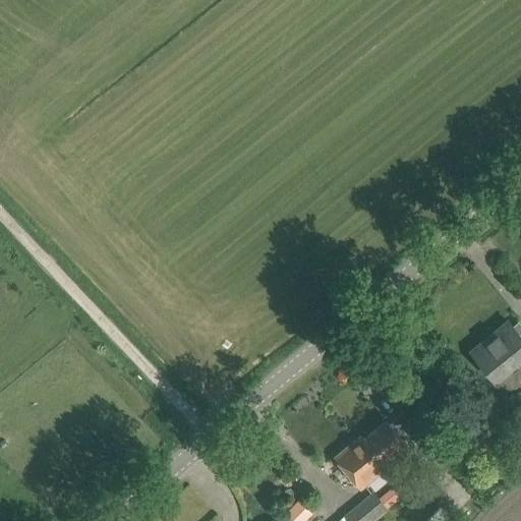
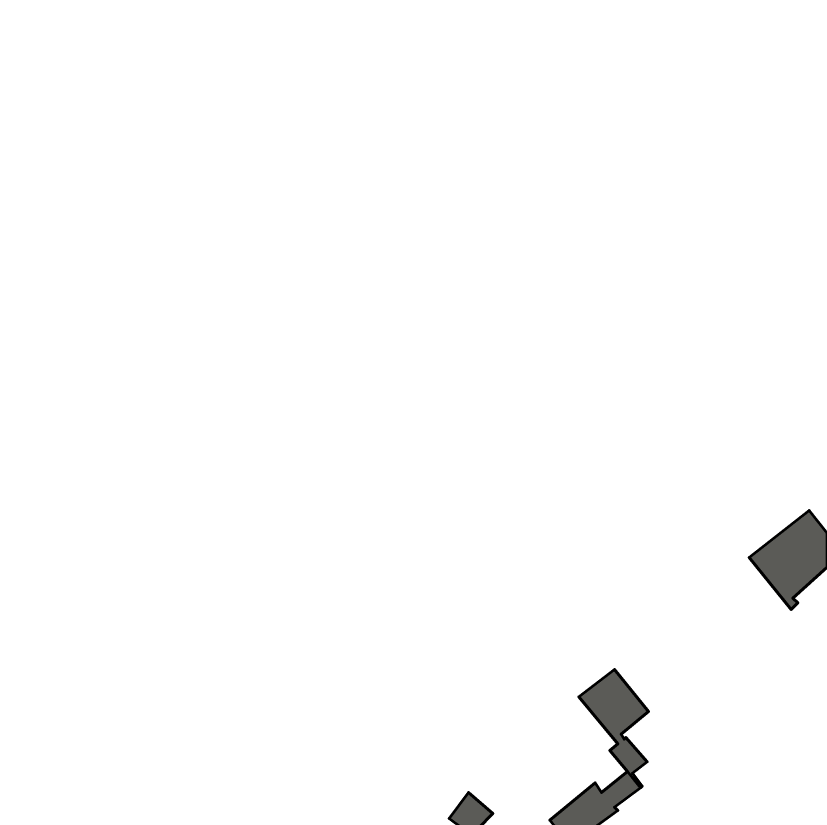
building: [334,437,388,491] -> none

